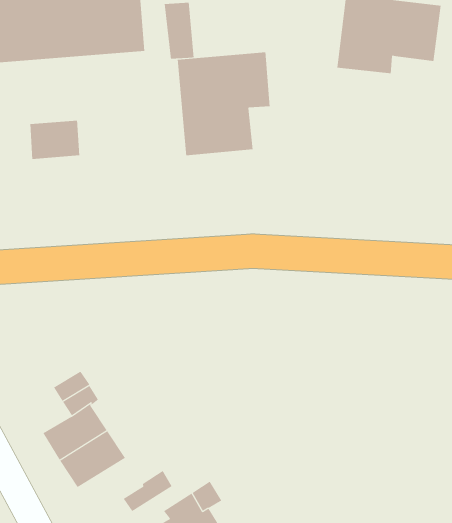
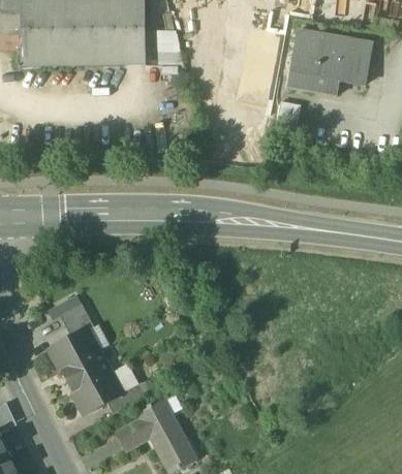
building: [177,51,270,156] -> none
building: [30,120,80,160] -> none
building: none -> [71,371,121,414]

